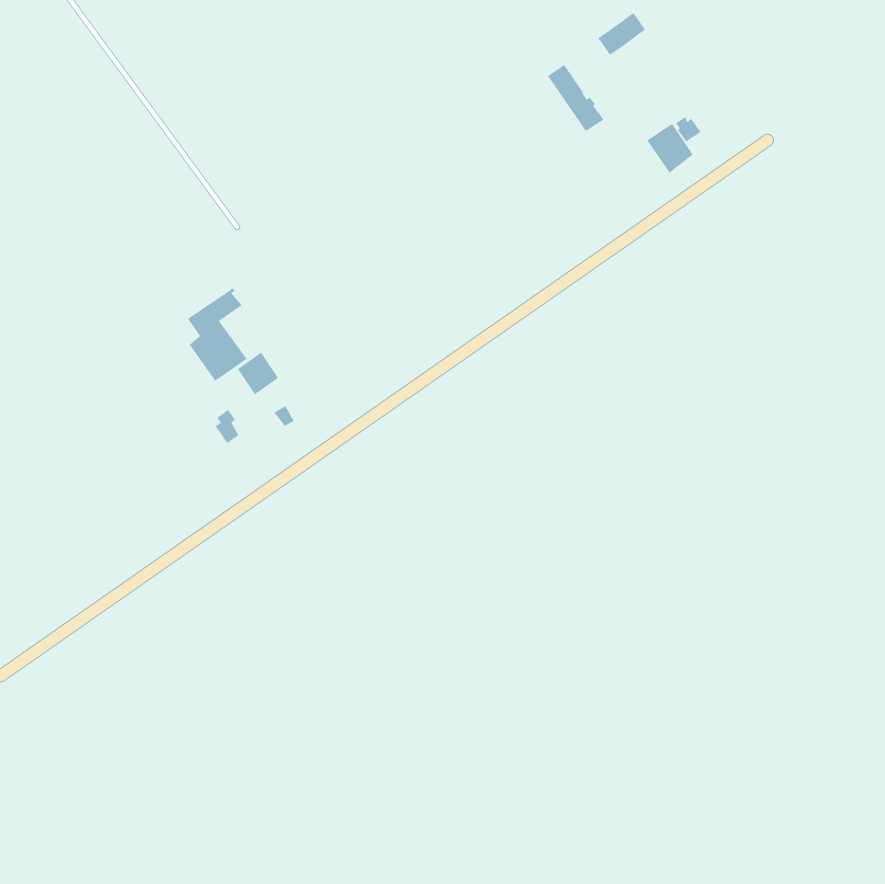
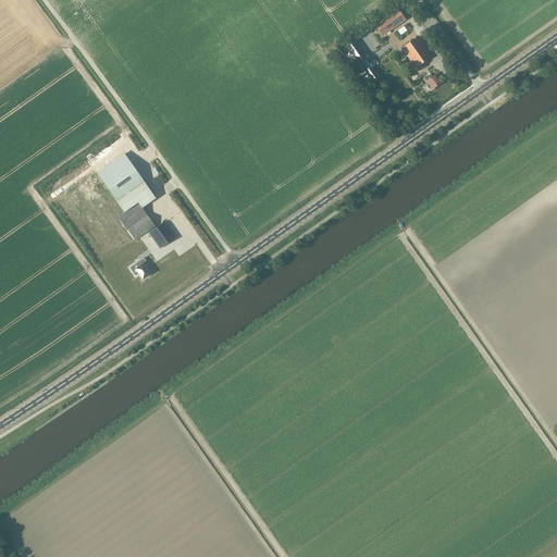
building: [647,123,693,173] -> [401,36,431,67]
building: none -> [97,153,145,200]

